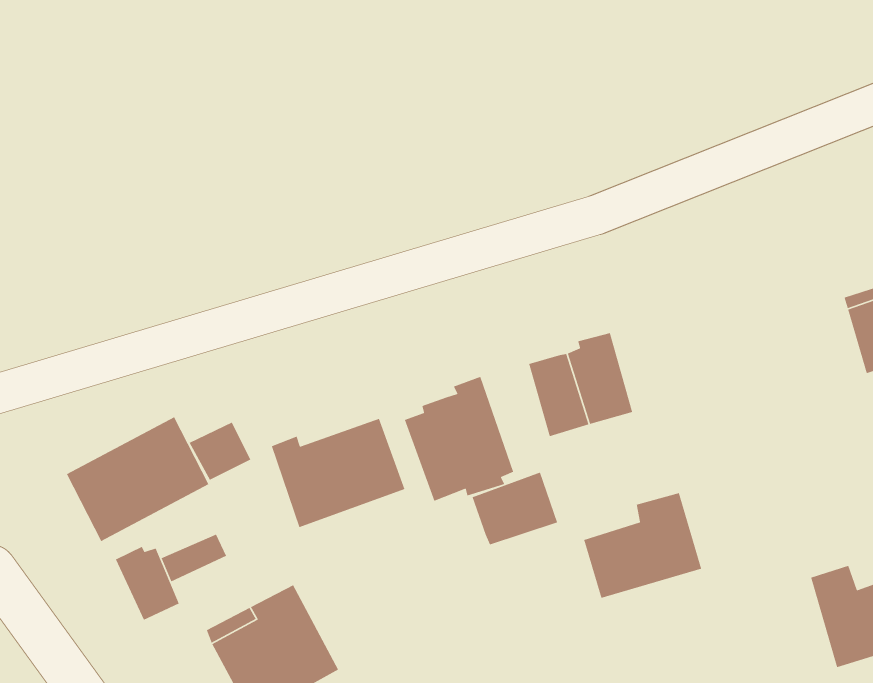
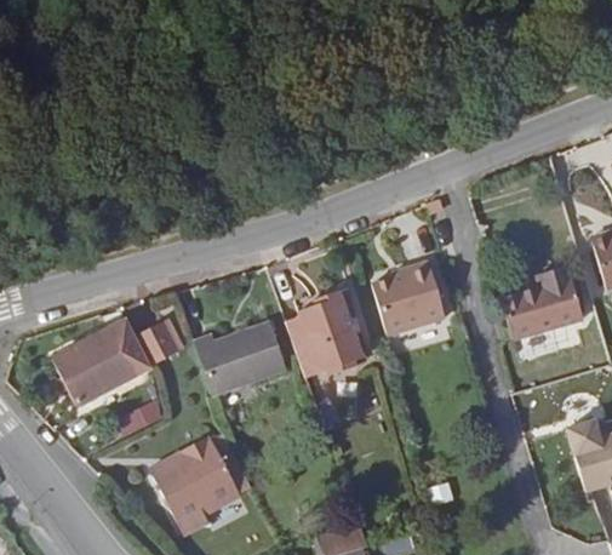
building: [472,471,558,545] -> none
building: [583,492,702,599] -> [501,265,583,339]
building: [115,546,180,621] -> none

